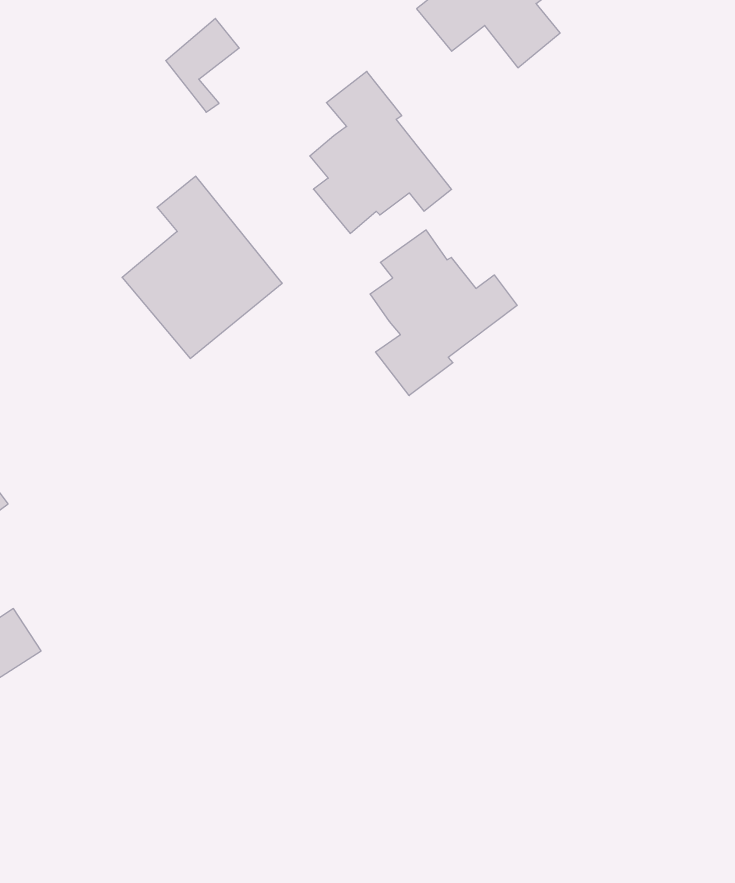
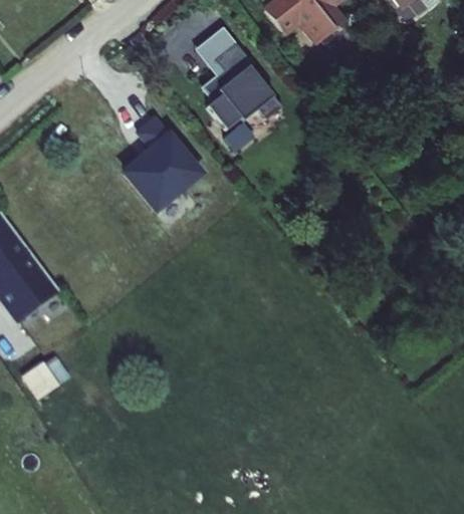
building: [166,18,239,112] -> [199,31,239,82]
building: [370,230,517,396] -> none

